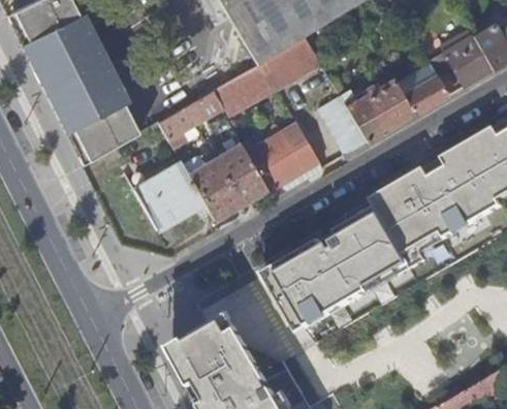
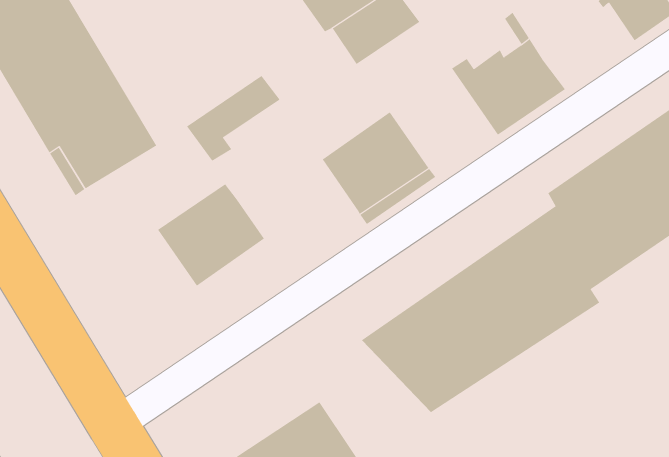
building: [212,62,276,116] -> none
building: [403,74,449,115] -> none
building: [318,95,368,155] -> none
building: [189,141,270,217] -> none

